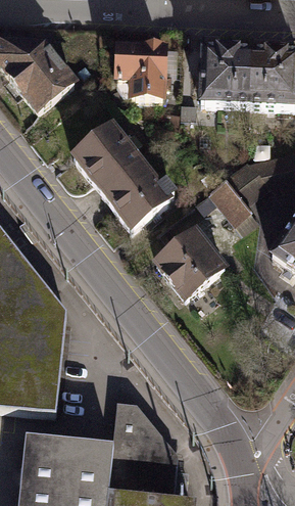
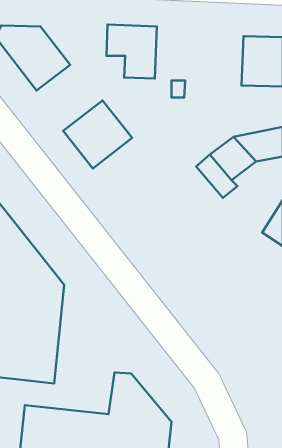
building: [202,52,253,104] -> none
building: [97,158,174,228] -> none
building: [151,225,222,294] -> none

